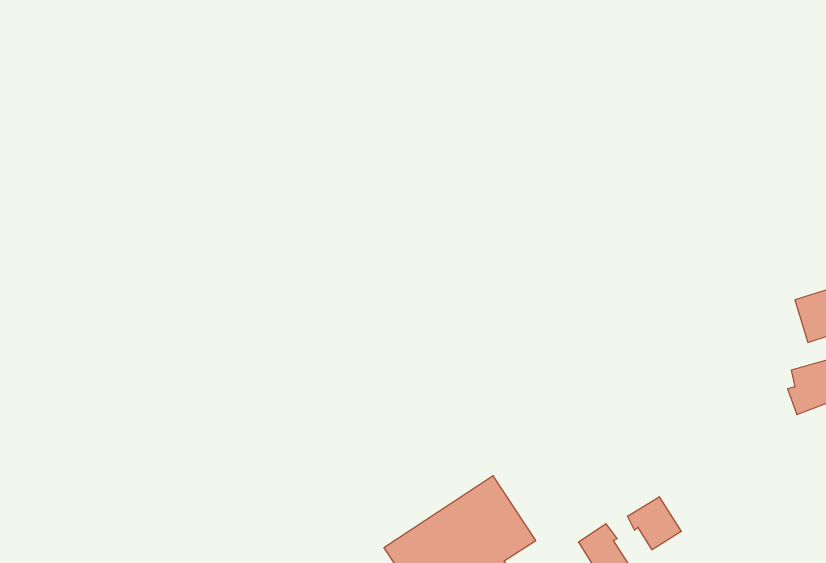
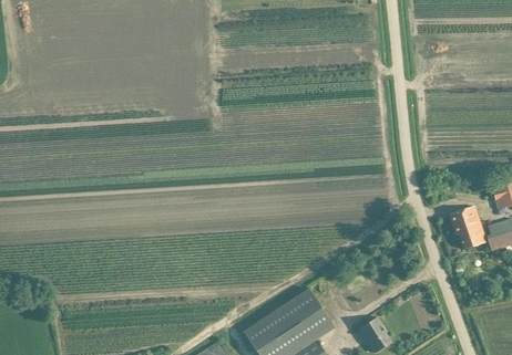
building: none -> [449,206,481,249]
building: [627,497,681,550] -> none

